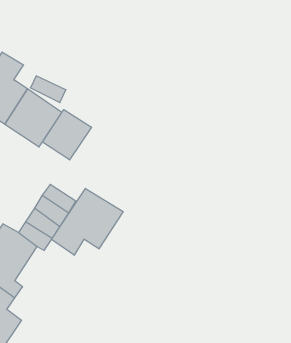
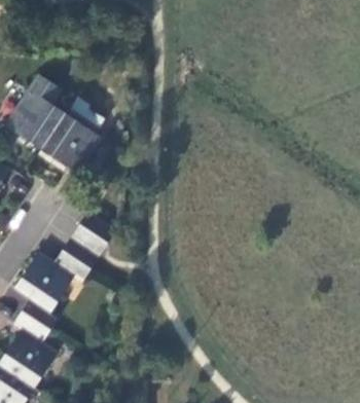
building: [42,110,92,160] -> none
building: [51,188,123,255] -> none

